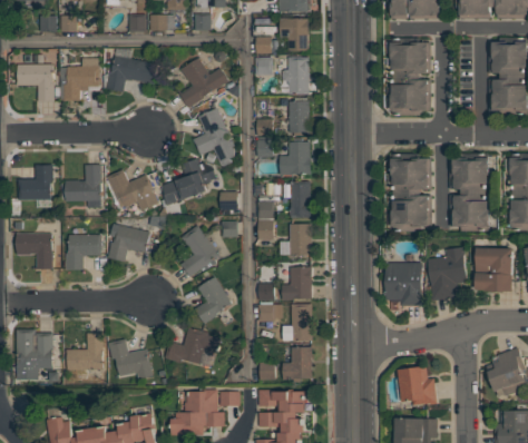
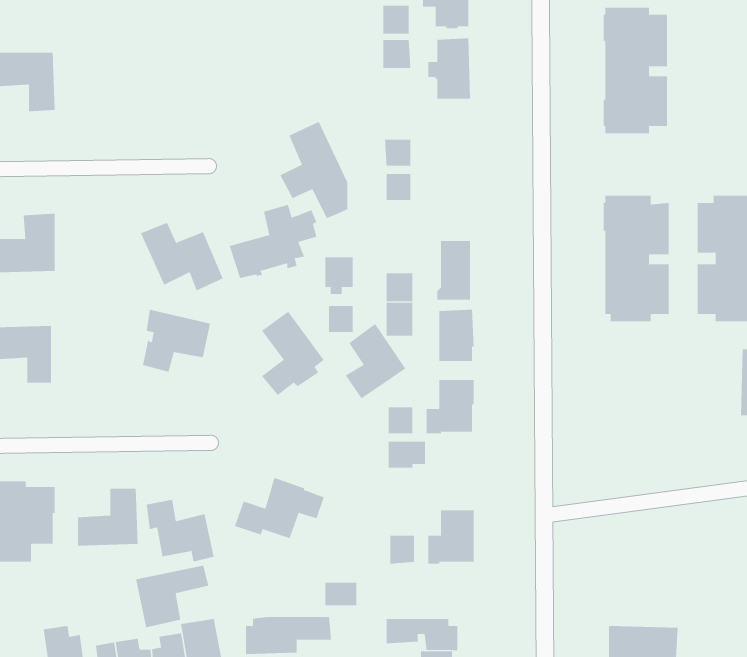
building: [106,57,155,91] -> none
building: [59,59,98,101] -> none
building: [179,60,227,107] -> none
building: [289,101,310,136] -> none
building: [280,141,311,175] -> none
building: [65,166,101,208] -> none
building: [65,236,100,270] -> none
building: [428,247,468,301] -> none
building: [387,263,422,306] -> none
building: [194,277,232,324] -> [345,323,406,399]
building: [283,304,312,342] -> none
building: [398,367,437,405] -> none
building: none -> [136,565,209,628]
building: [185,390,217,413] -> none
building: [256,392,304,414] -> none

